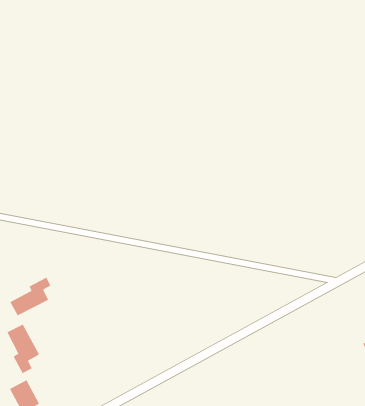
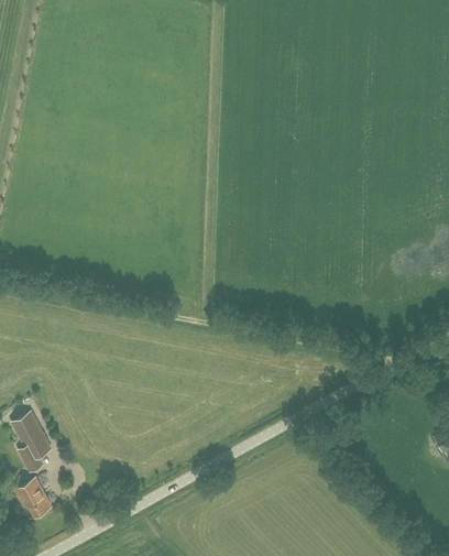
building: [9,277,51,316] -> none

